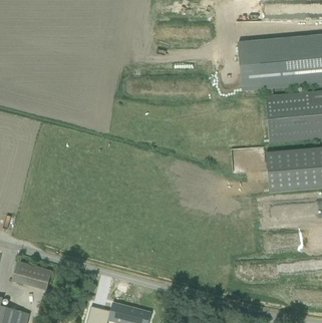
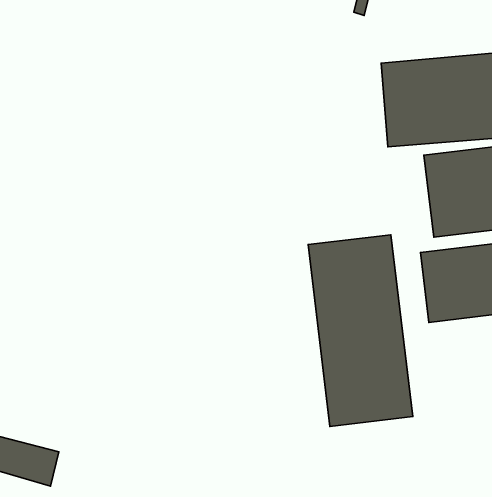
building: none -> [308,235,413,426]

